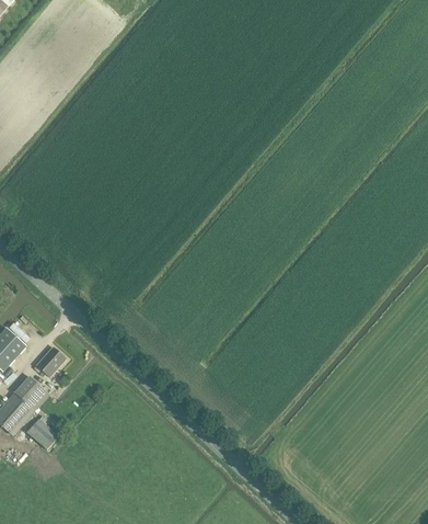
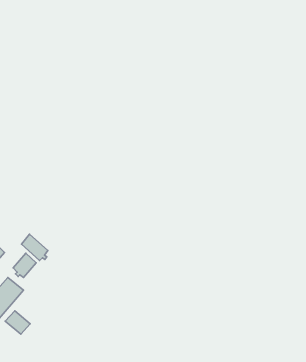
building: none -> [21,234,48,260]

